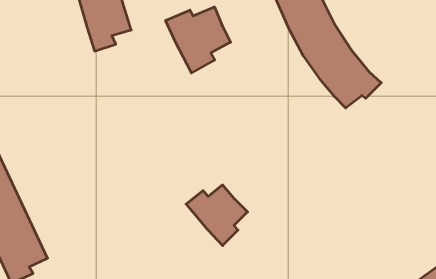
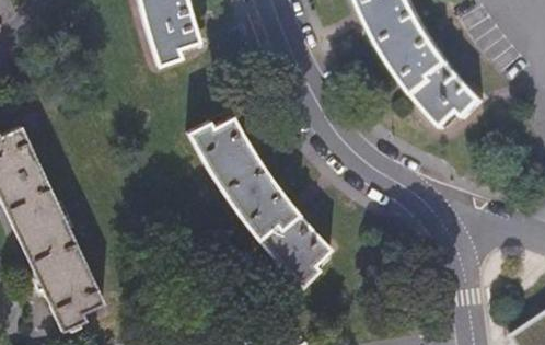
building: [166,7,231,73] -> none
building: none -> [186,118,301,240]

